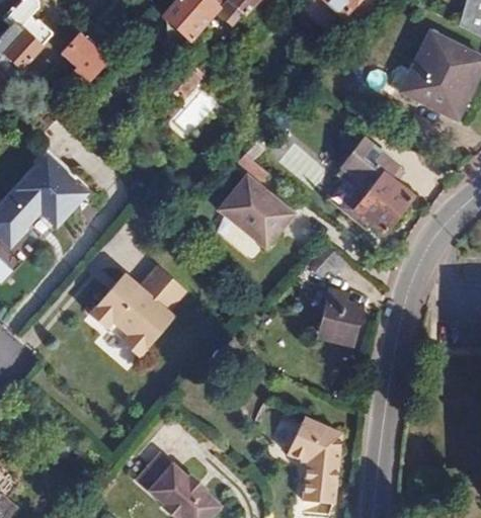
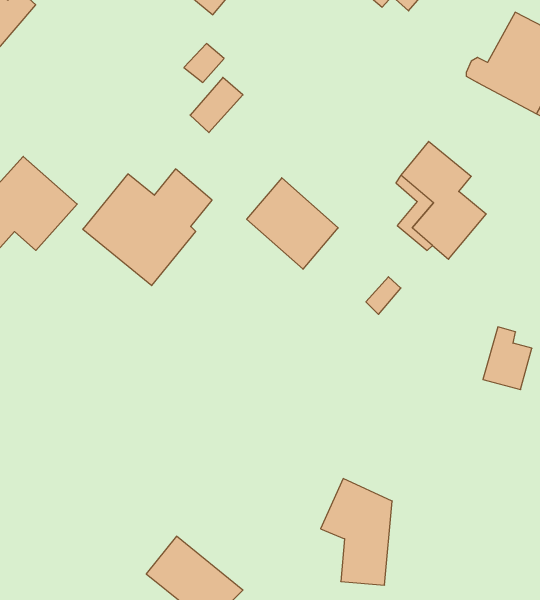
building: [61,31,105,75] -> none
building: [81,264,185,358] -> [83,169,212,286]
building: [325,289,365,340] -> [483,327,532,390]

